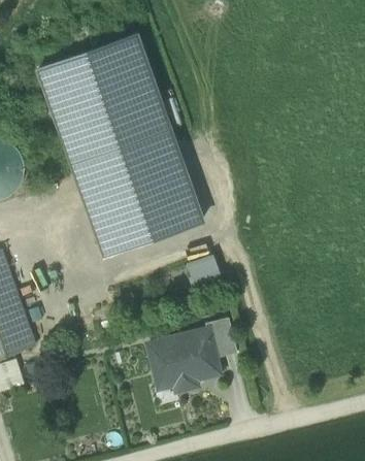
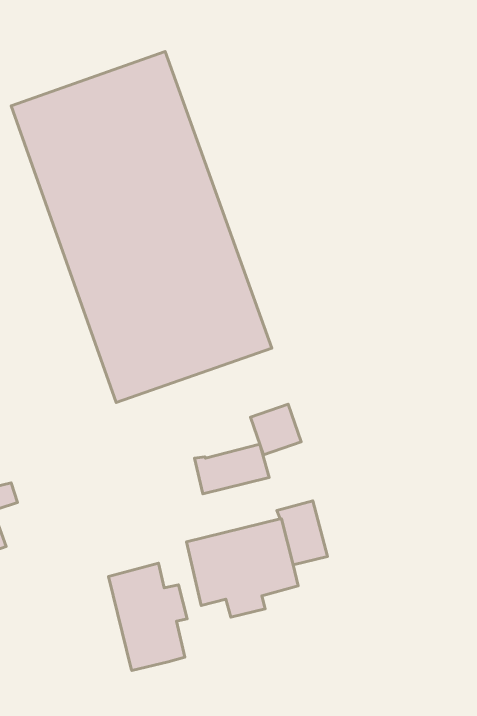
building: none -> [194,444,269,494]
building: none -> [108,563,187,670]

